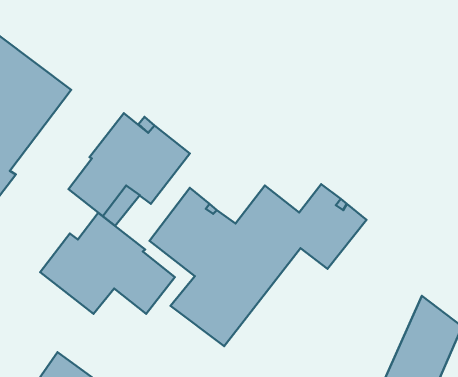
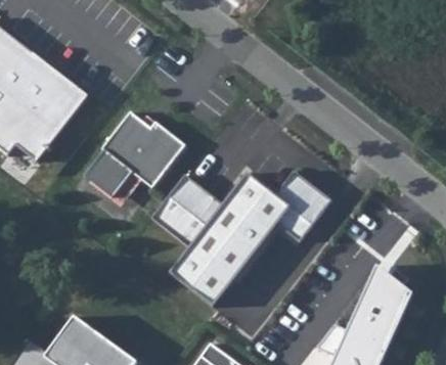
building: [40,213,175,314] -> none

